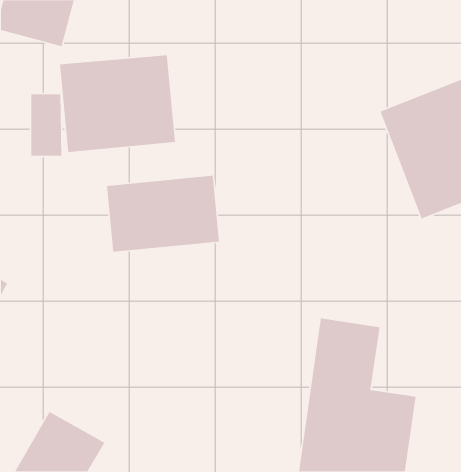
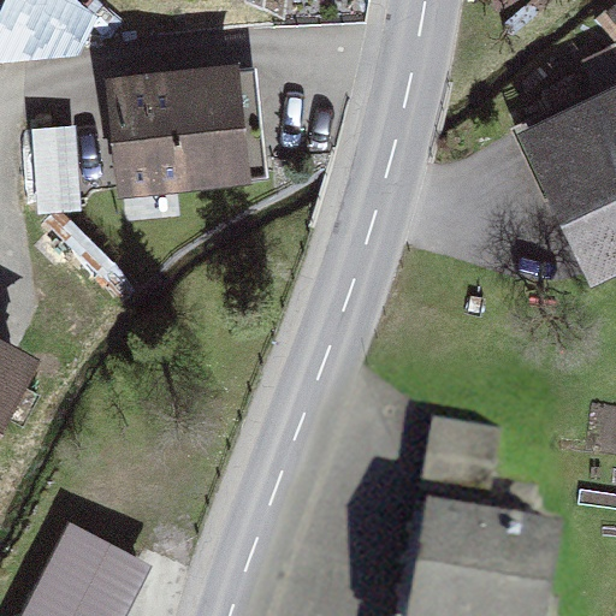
building: [106,175,220,252] -> none

